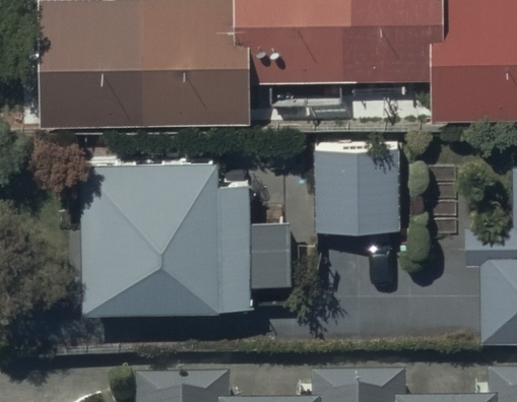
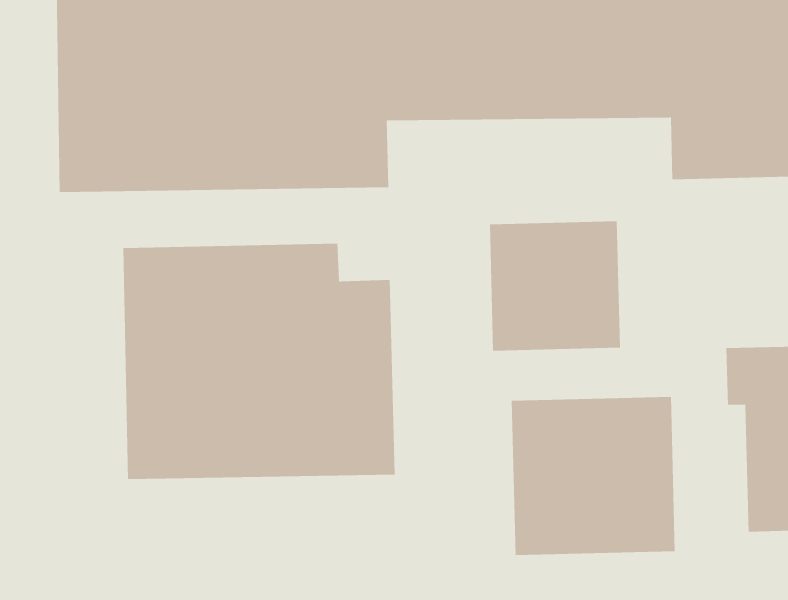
building: none -> [511,396,675,556]

